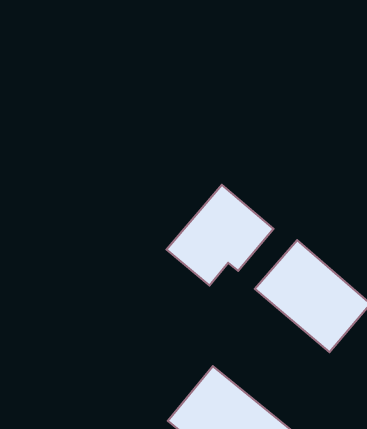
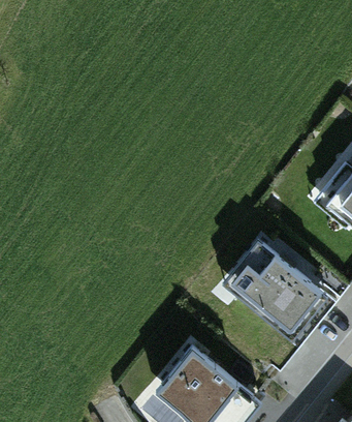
building: [166,185,273,286] -> none

